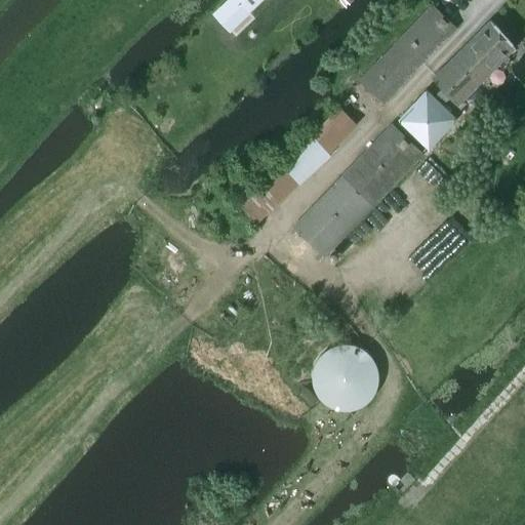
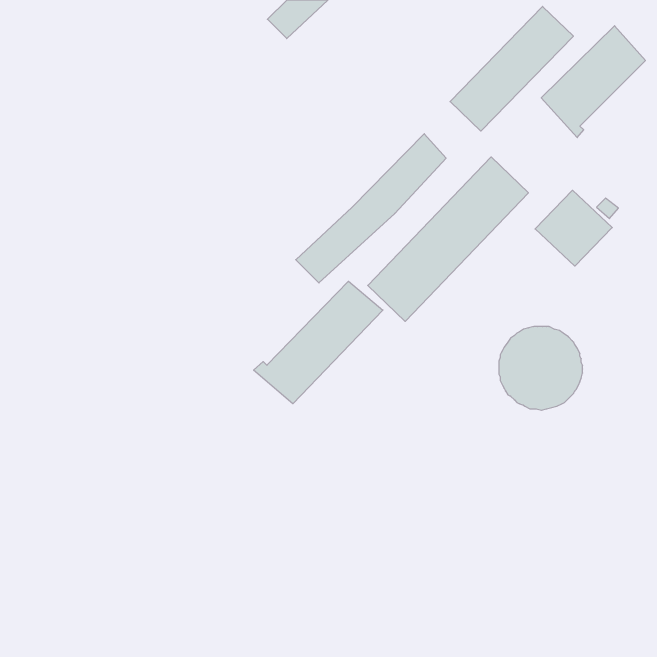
building: [396,89,457,150] -> [535,190,612,266]
building: none -> [254,281,383,404]
building: [312,345,378,411] -> [499,327,583,410]

